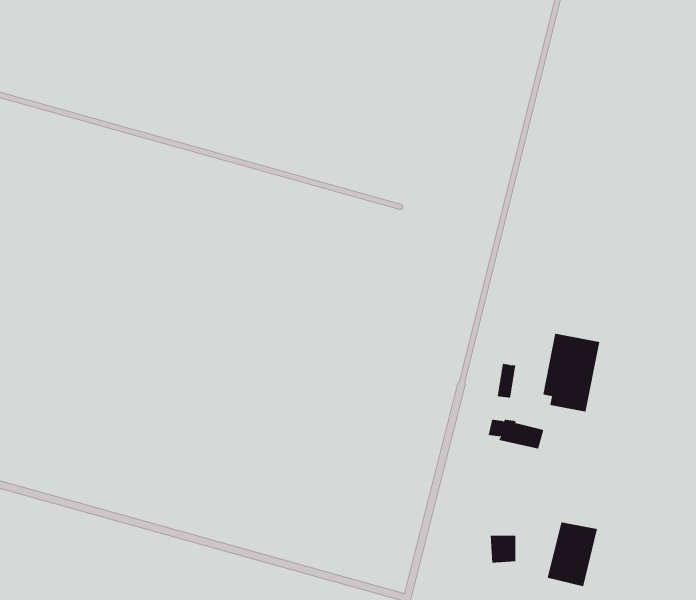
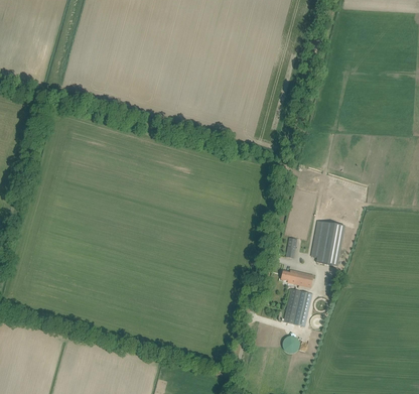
building: [547,522,598,587] -> [282,289,311,326]

